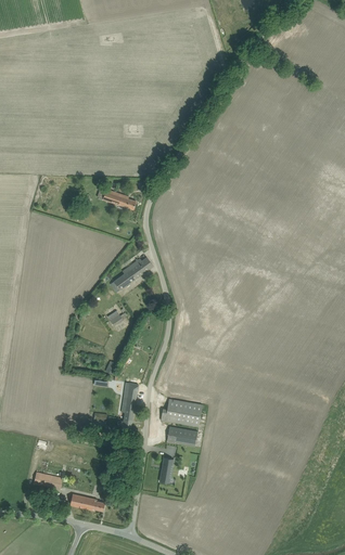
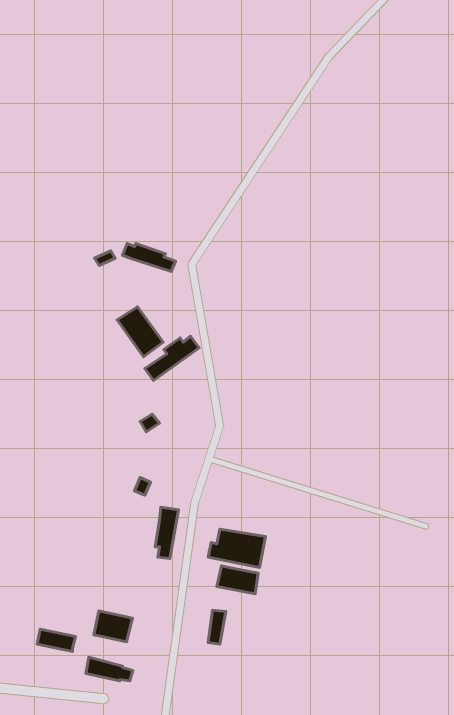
building: none -> [117,307,163,357]
building: none -> [94,611,133,642]

